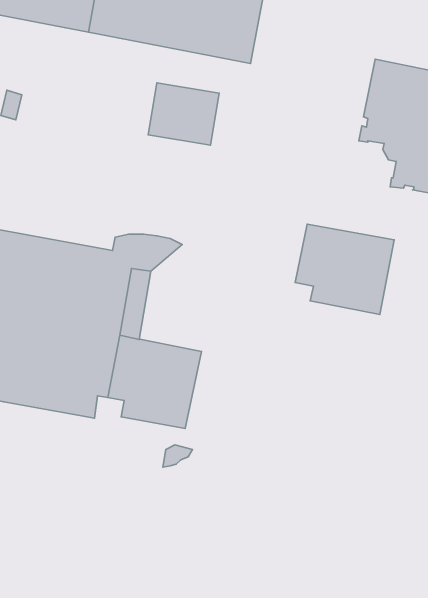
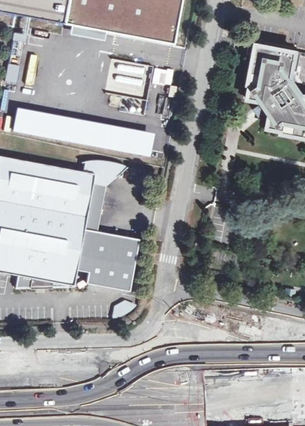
building: none -> [10,108,153,158]
building: [295,224,394,315] -> none

